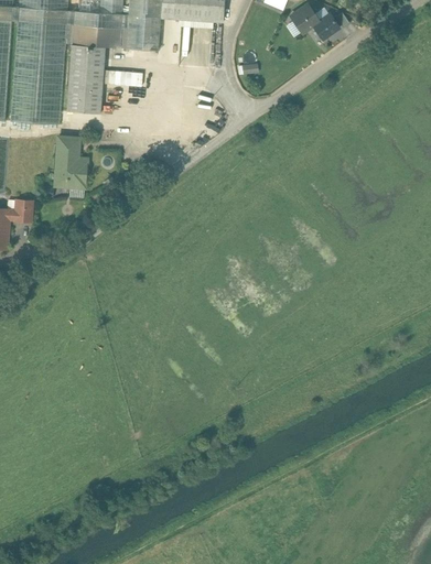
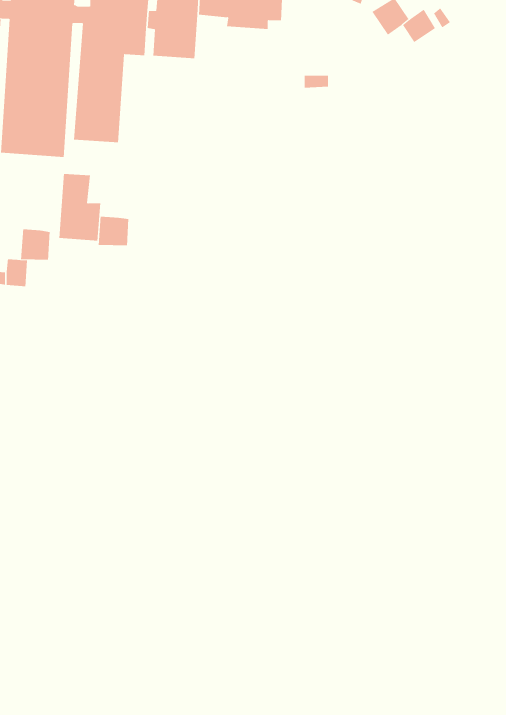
building: none -> [98,216,129,246]
building: none -> [21,229,50,260]

